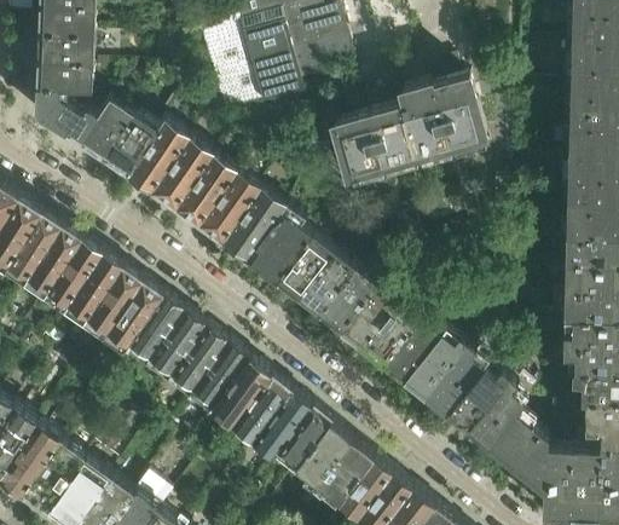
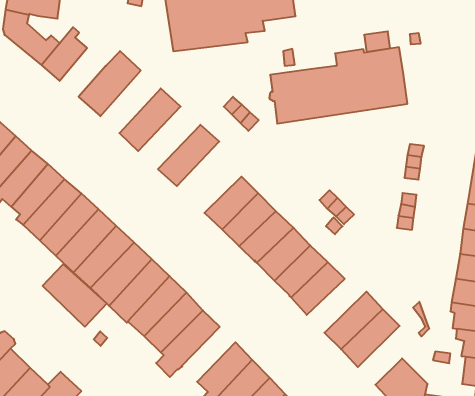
building: [105,117,154,178] -> none
building: [155,140,216,212] -> none
building: [201,174,265,246] -> none
building: [248,207,317,287] -> none
building: [407,333,469,400] -> none
building: none -> [43,264,107,327]
building: [470,382,532,450] -> none
building: [278,409,334,472] -> none

